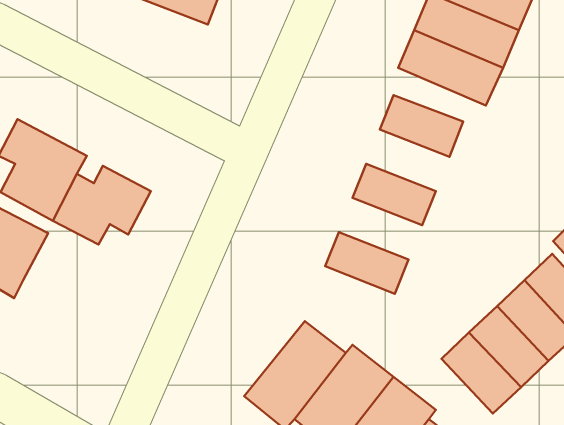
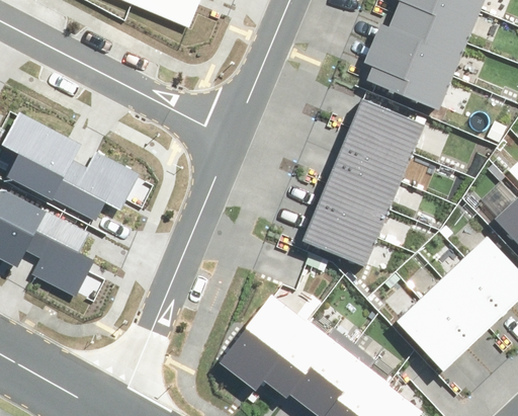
building: none -> [331,121,405,176]
building: none -> [307,182,380,237]
building: none -> [26,214,96,301]

